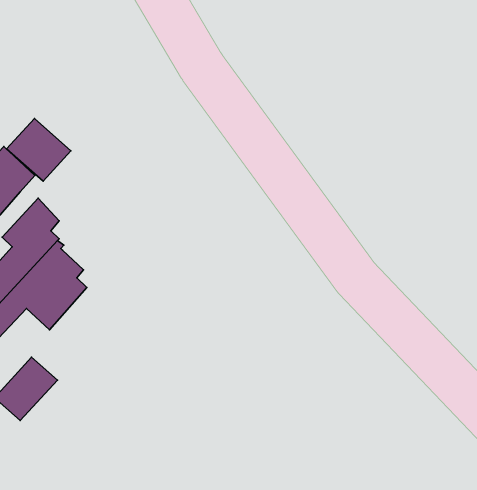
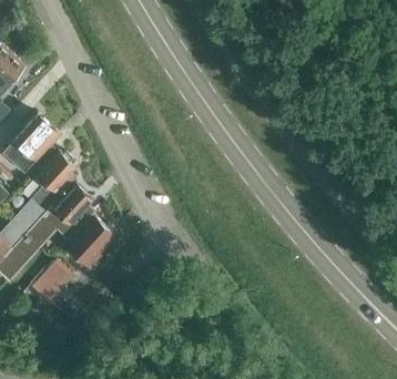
building: [7,118,71,181] -> none
building: none -> [64,215,118,268]

